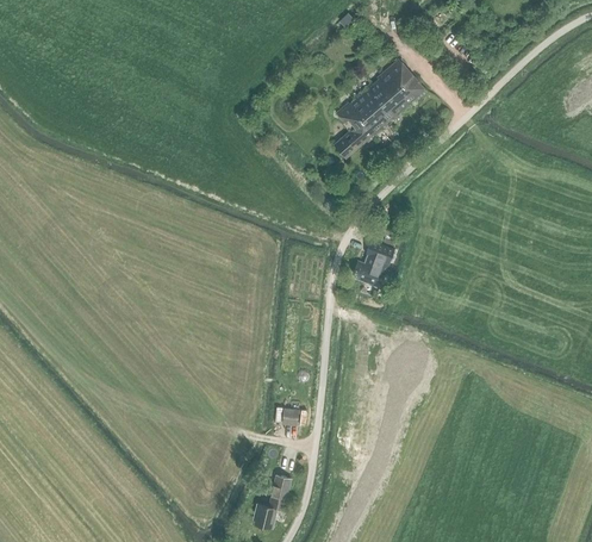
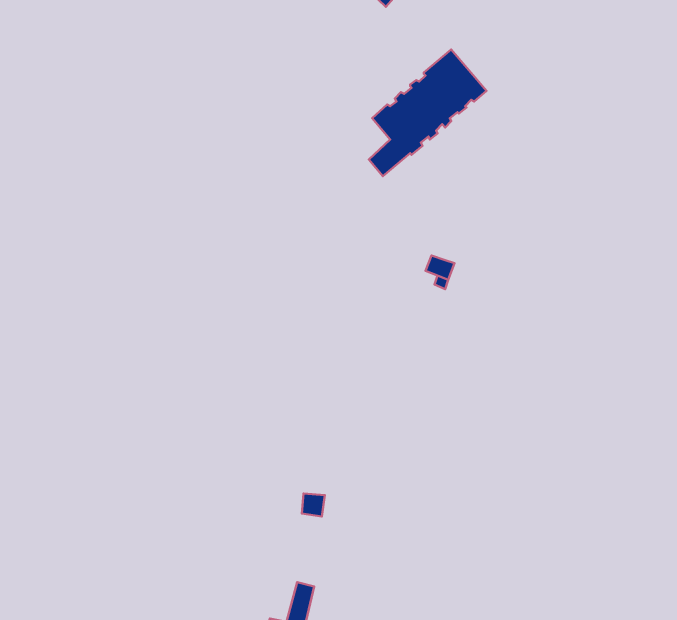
building: [351,243,391,286] -> none

